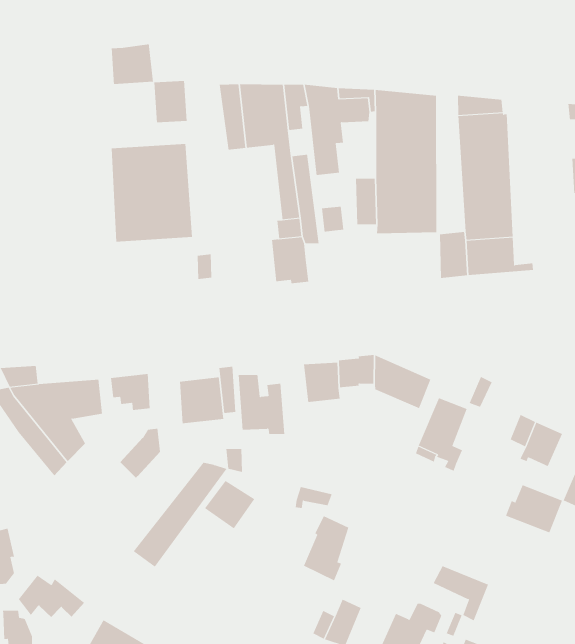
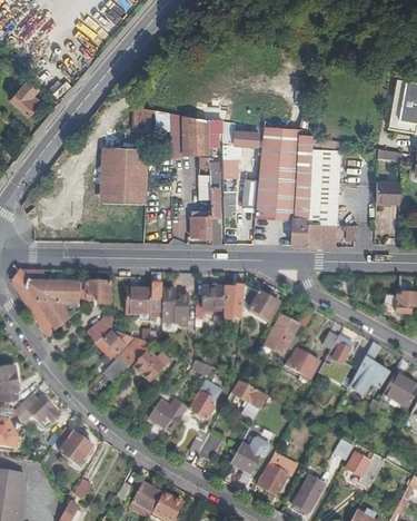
building: [111,44,154,85] -> none
building: none -> [96,330,132,358]
building: [505,484,563,533] -> [284,347,319,379]
building: none -> [149,399,188,432]
building: [433,566,489,621] -> [232,382,266,417]

